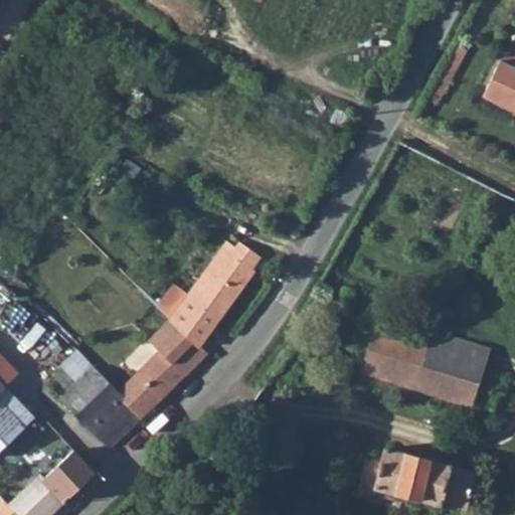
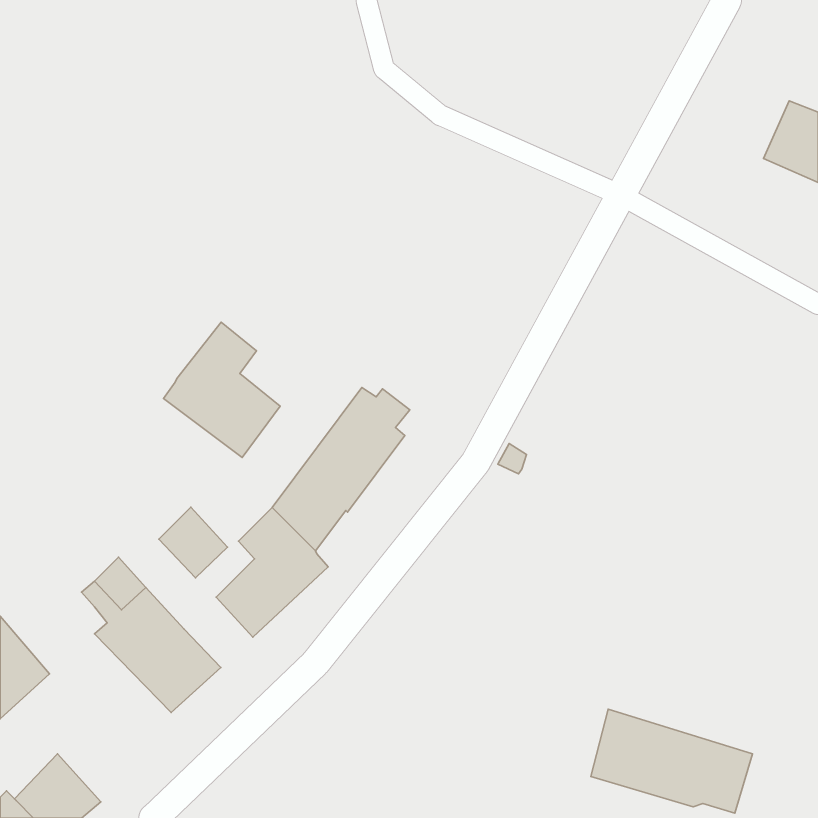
building: none -> [164,322,280,457]
building: [362,326,493,403] -> none
building: [116,375,159,419] -> [159,507,228,578]
building: [36,452,95,504] -> none

